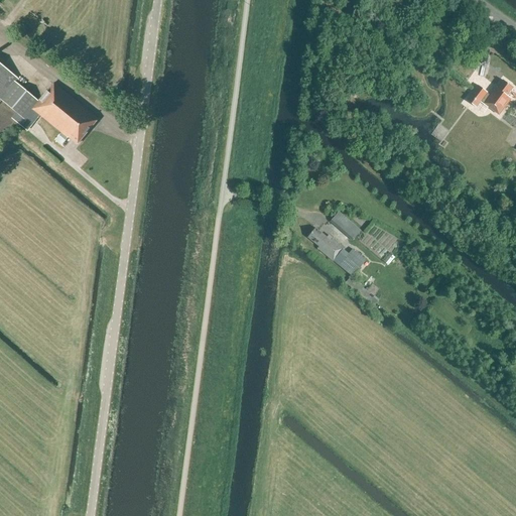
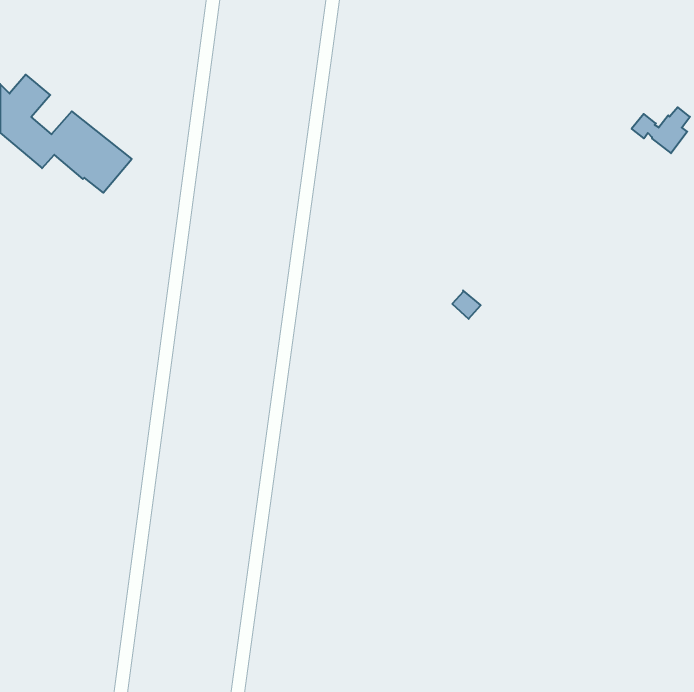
building: [307,227,344,260] -> none
building: [340,250,366,277] -> none

